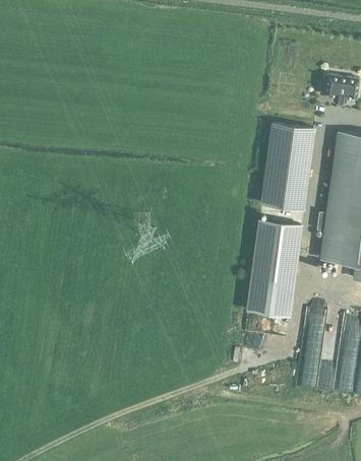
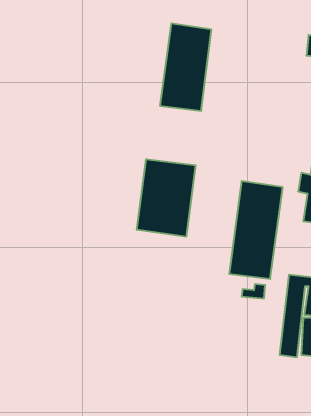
building: [262,123,313,209] -> [160,23,211,111]
building: none -> [137,159,196,237]

